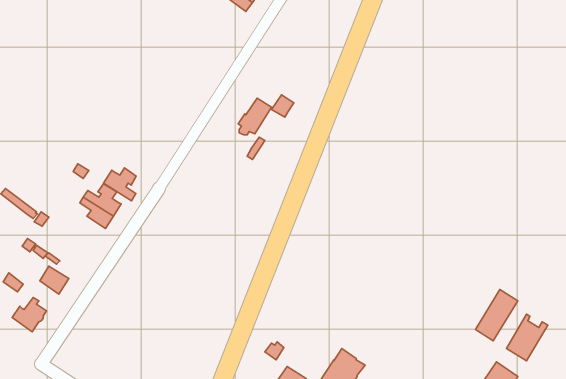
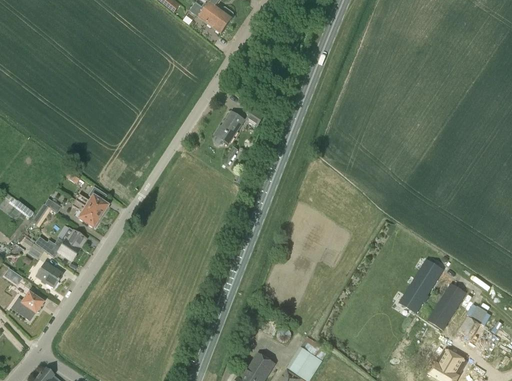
building: [103,168,136,201] -> none
building: none -> [53,231,84,260]
building: none -> [399,260,442,313]

